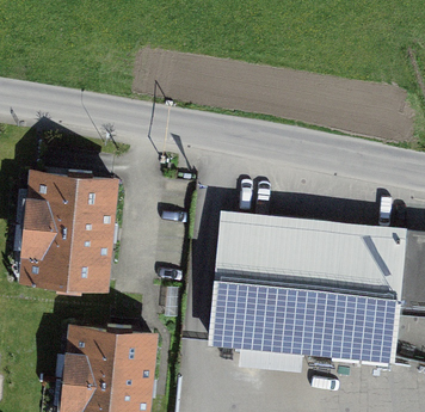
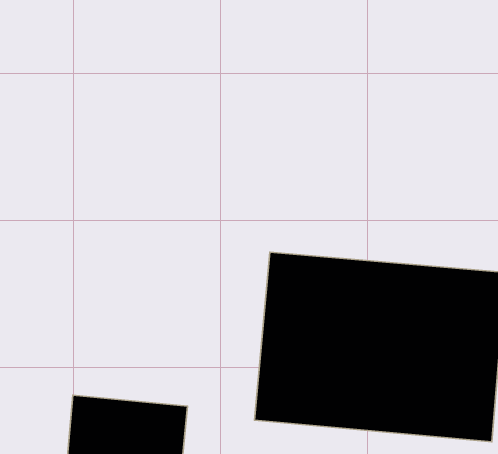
building: [20,173,116,289] -> none

